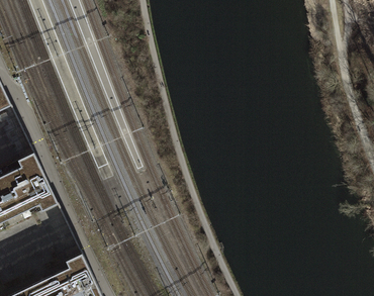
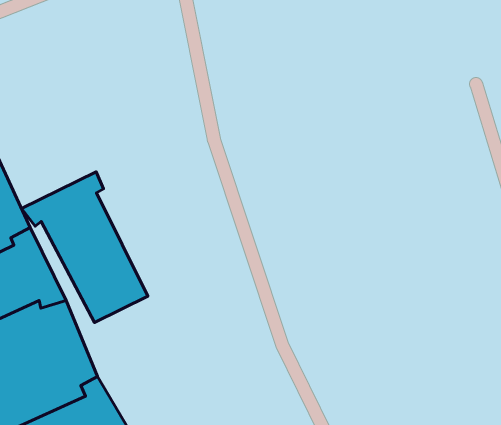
building: none -> [21,172,148,322]

